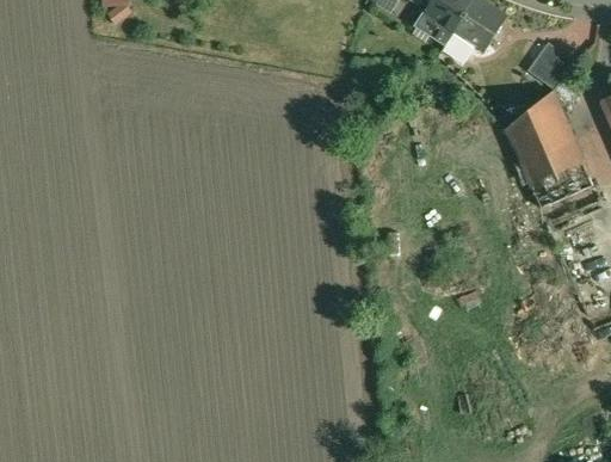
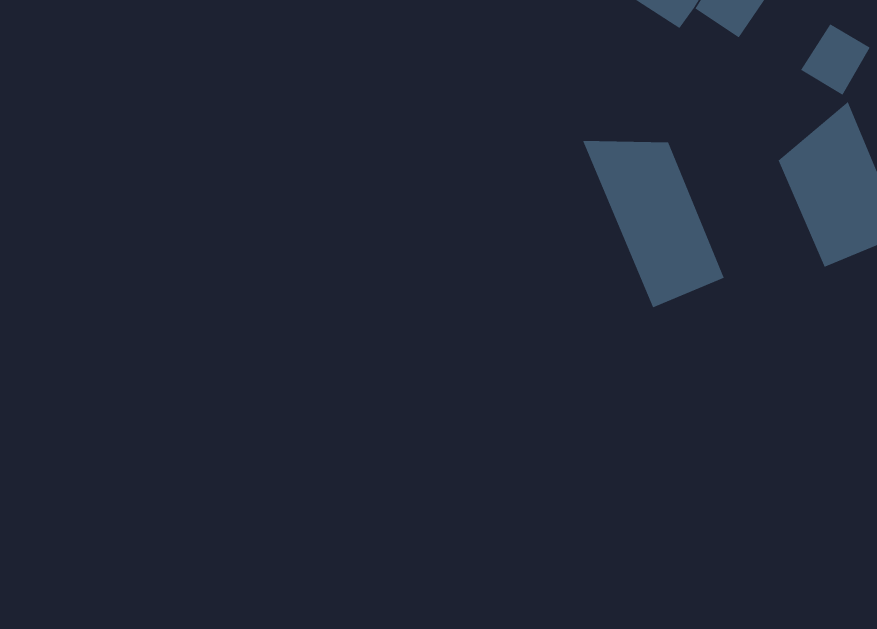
building: none -> [582,140,724,308]

